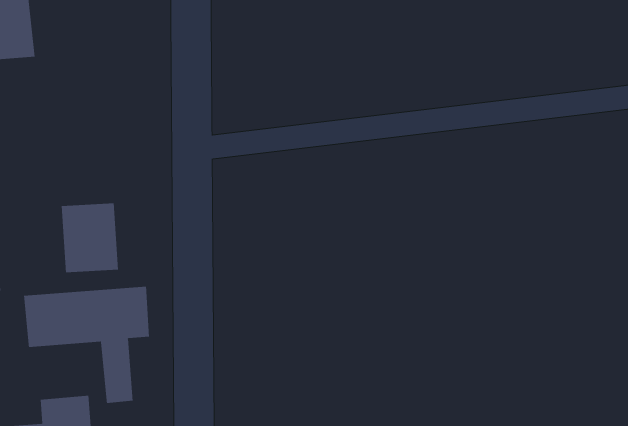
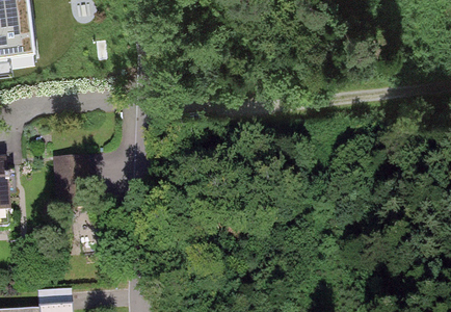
building: [24,286,150,404] -> none

